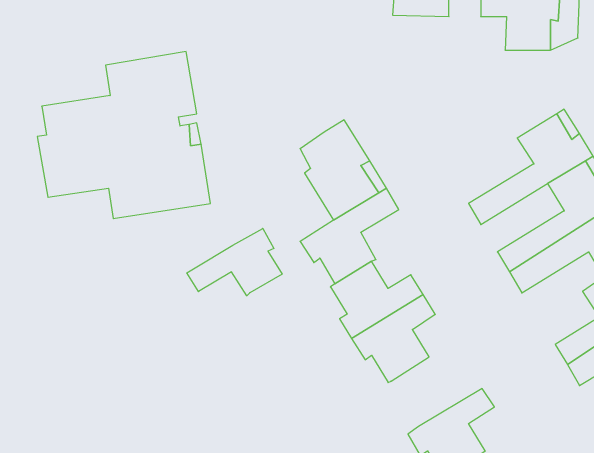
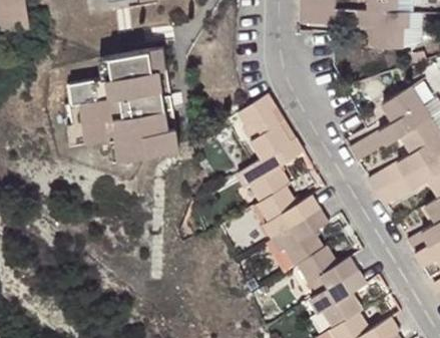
building: [187,228,282,296] -> none
building: none -> [299,248,359,296]

